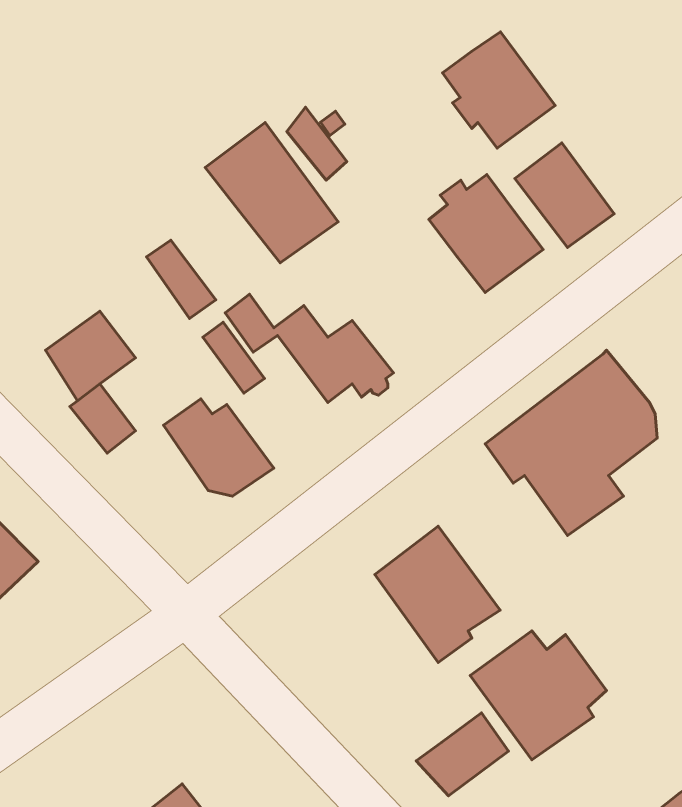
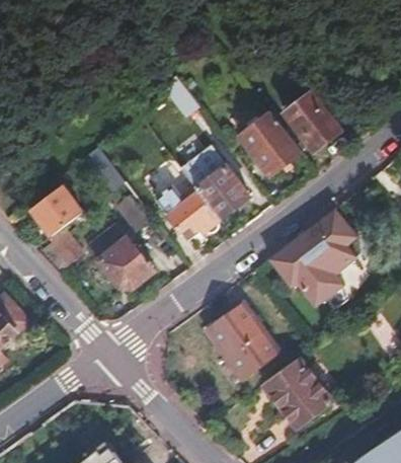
building: [443,32,555,148] -> none
building: [205,123,338,263] -> [178,145,250,221]
building: [416,713,509,796] -> none

